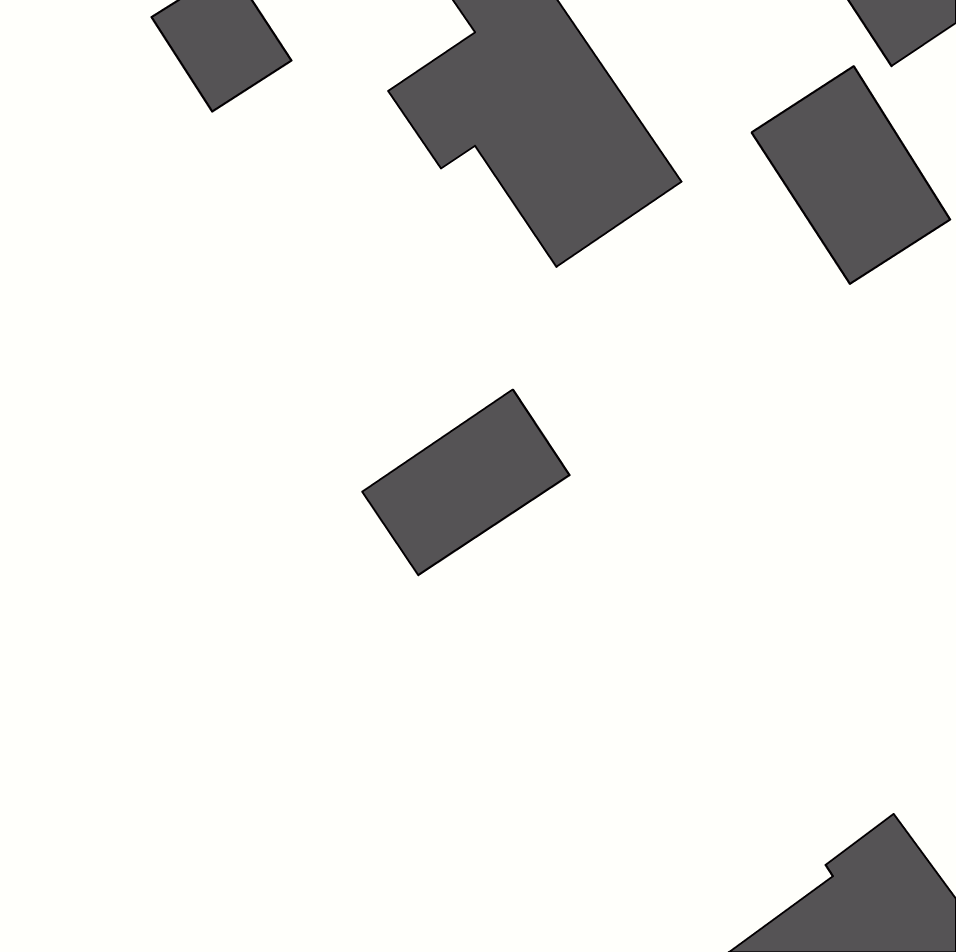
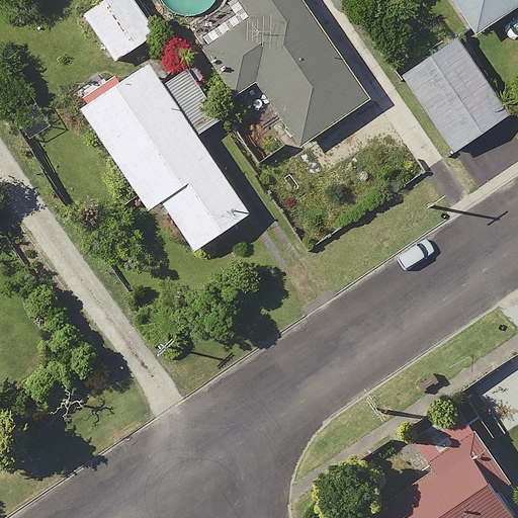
building: none -> [80,64,250,253]
building: [362,390,570,575] -> none

